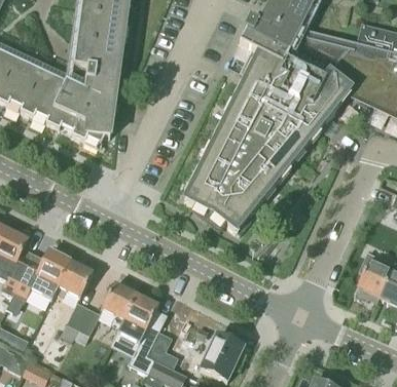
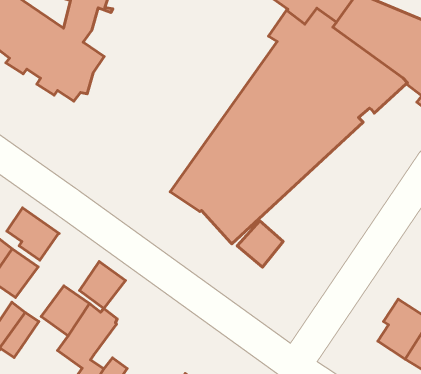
building: none -> [237,221,283,267]
building: none -> [7,208,59,260]
building: none -> [79,262,126,309]

